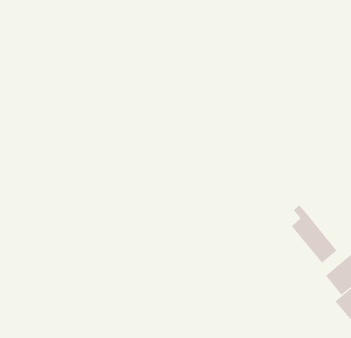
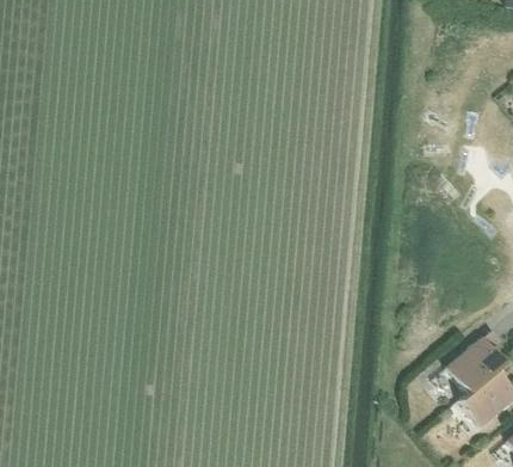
building: [291,205,337,272] -> none

